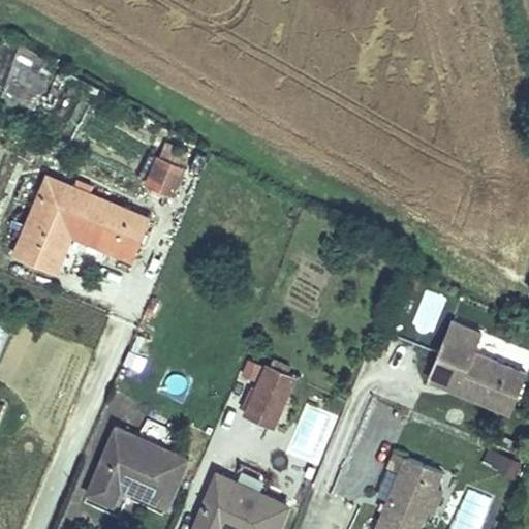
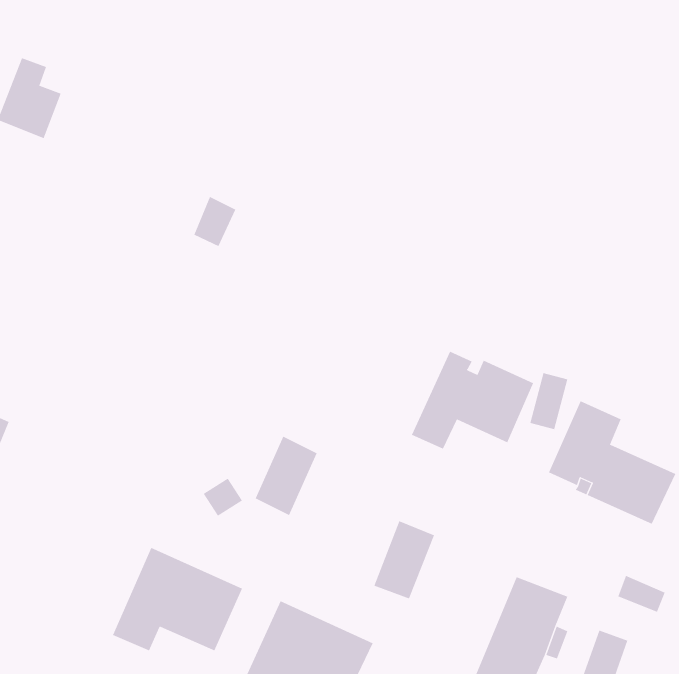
building: [15,180,146,275] -> none
building: none -> [411,351,534,450]
building: [241,367,289,429] -> [255,436,318,516]

